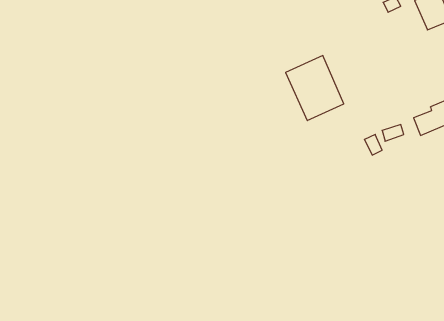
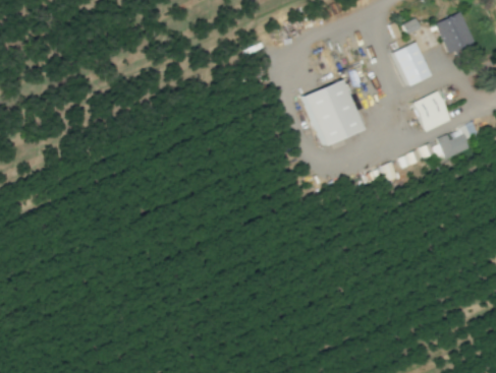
building: none -> [392,41,431,86]
building: none -> [415,91,452,132]

